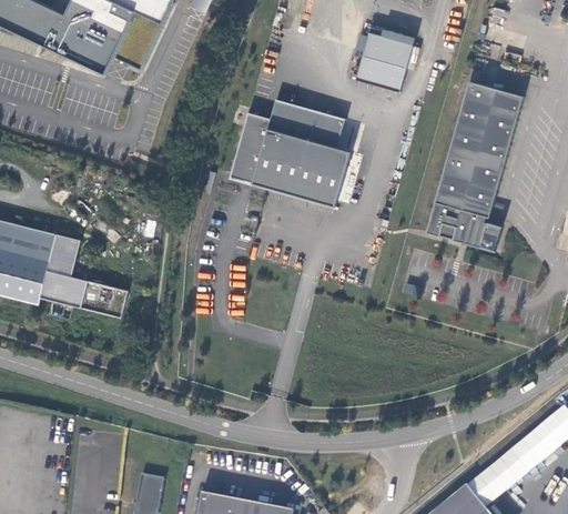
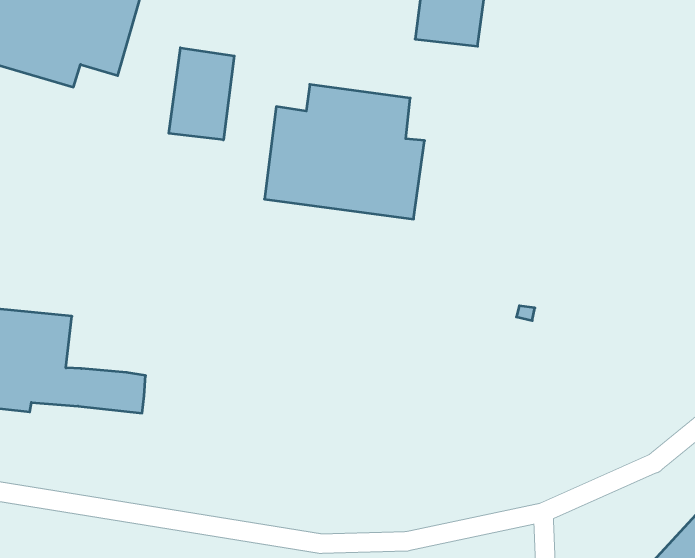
building: none -> [169,48,234,140]
building: [425,79,521,249] -> none

